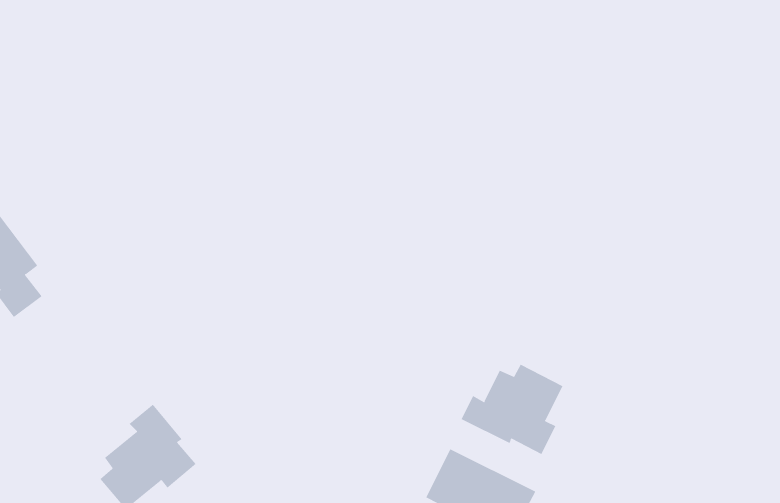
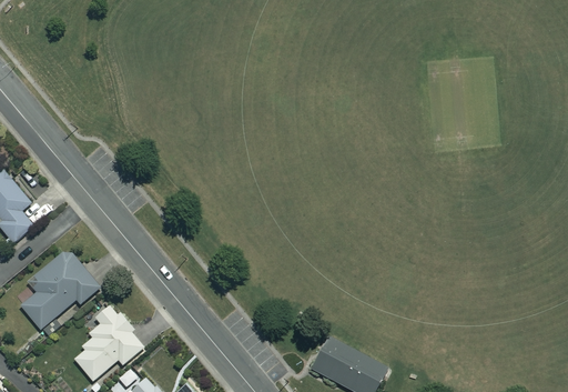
building: none -> [21,249,100,329]
building: [461,364,563,455] -> none

